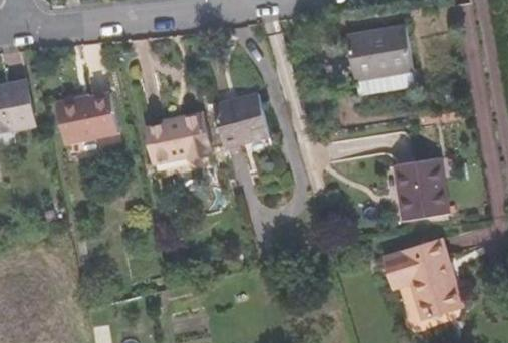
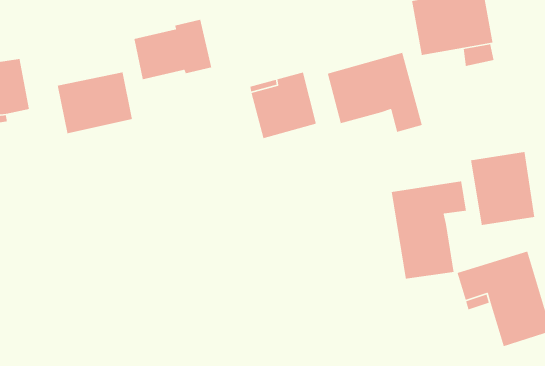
building: none -> [327,52,423,133]
building: [147,112,211,162] -> [134,19,212,80]
building: none -> [391,180,467,280]

